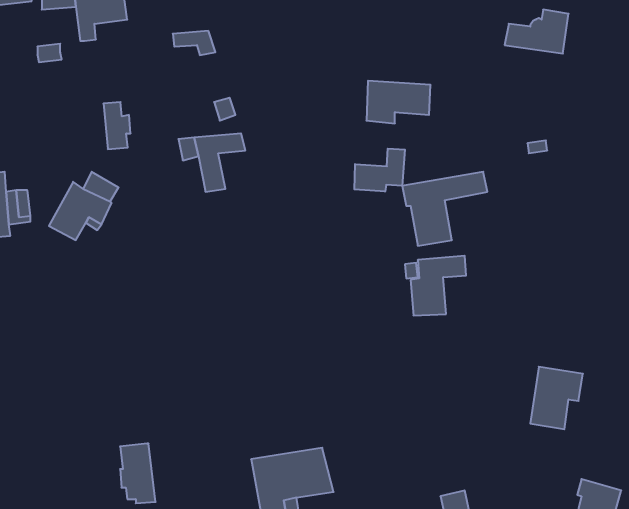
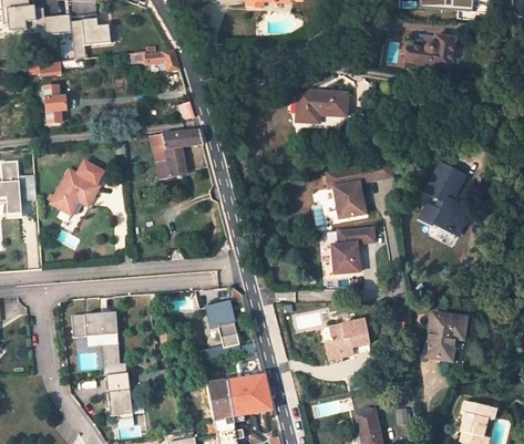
building: [103,102,131,149] -> [44,86,65,123]
building: [354,149,405,192] -> none
building: none -> [420,162,469,234]
building: none -> [205,301,237,338]
building: none -> [72,312,126,375]
building: none -> [323,318,369,360]

